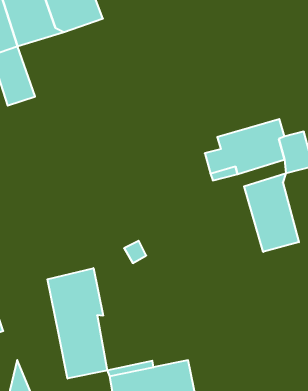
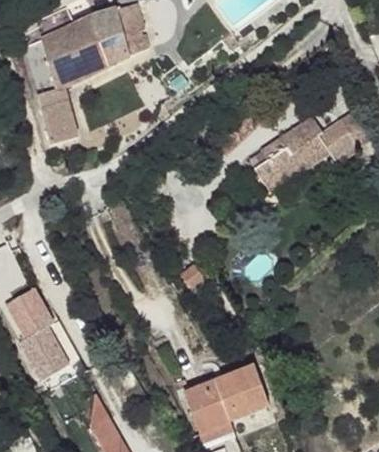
building: [244,173,299,252] -> none
building: [47,268,107,379] -> none

